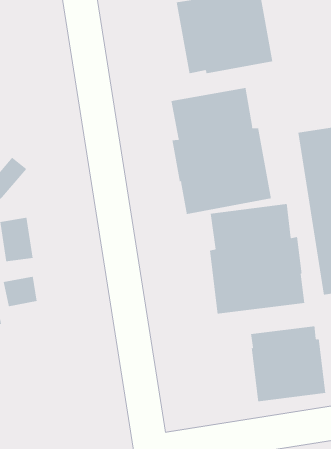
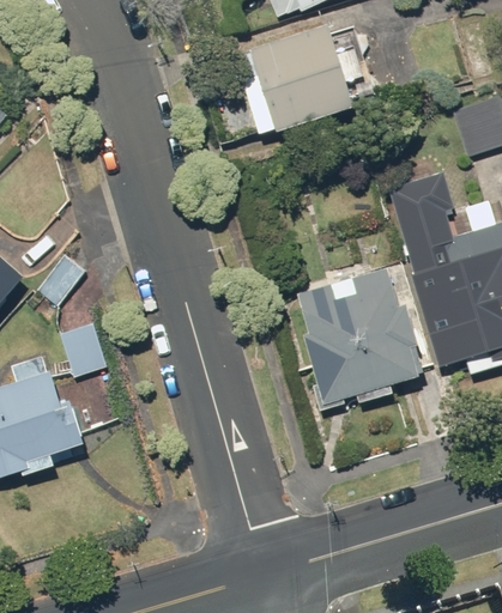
building: [171,87,272,215] -> none
building: [250,325,326,402] -> none

